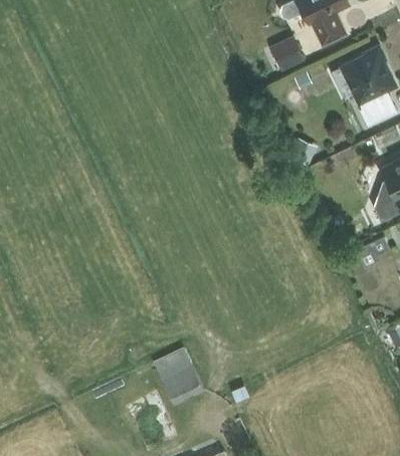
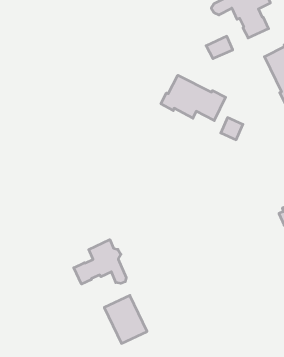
building: none -> [161,75,226,121]
building: none -> [74,240,126,284]

